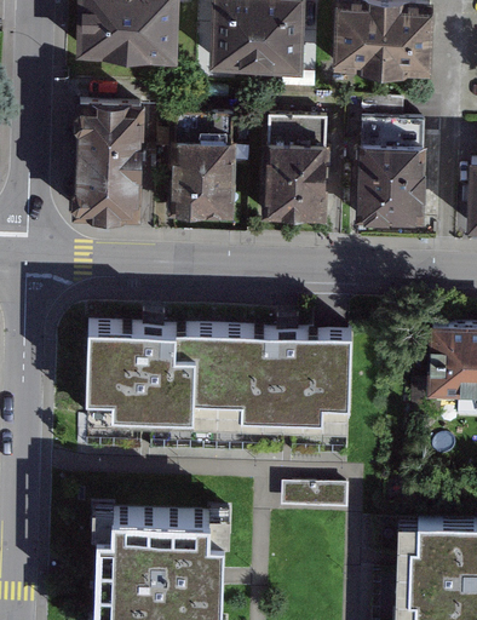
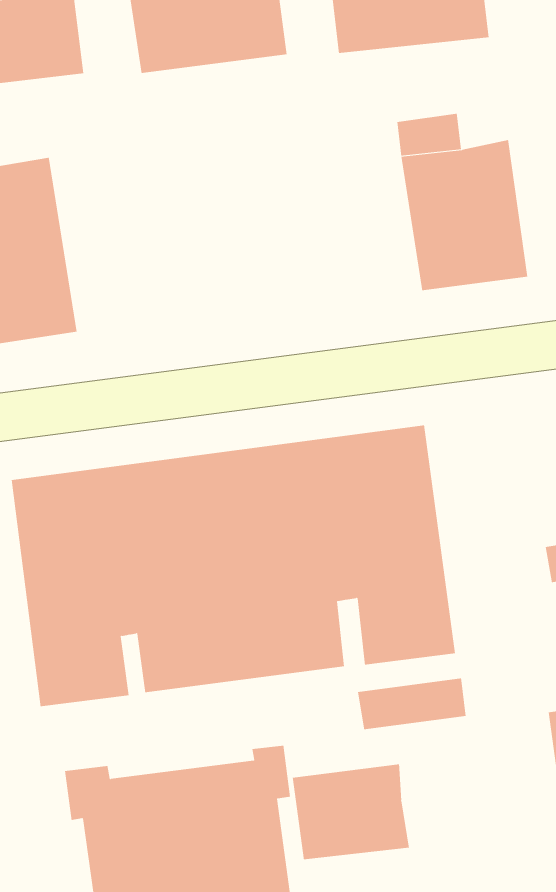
building: [174,117,237,223] -> none
building: [262,121,321,224] -> none
building: none -> [292,763,410,860]

